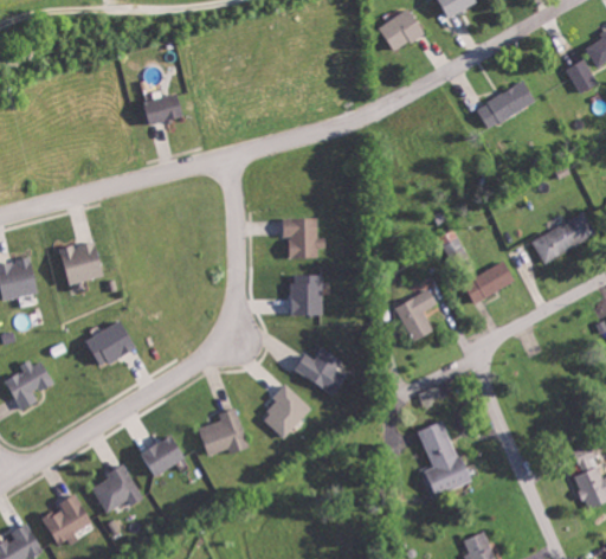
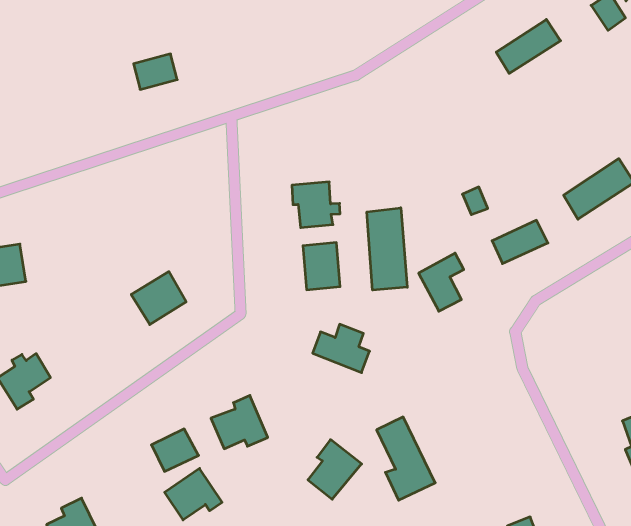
building: [60,240,104,284] -> none
building: none -> [367,208,407,290]
building: [85,320,135,367] -> [131,272,186,325]
building: [262,384,311,438] -> [308,440,362,499]
building: [418,420,469,496] -> [377,417,435,500]
building: [90,467,142,513] -> [165,468,222,520]

